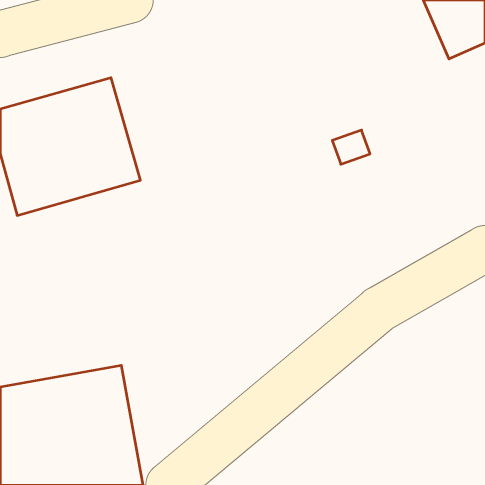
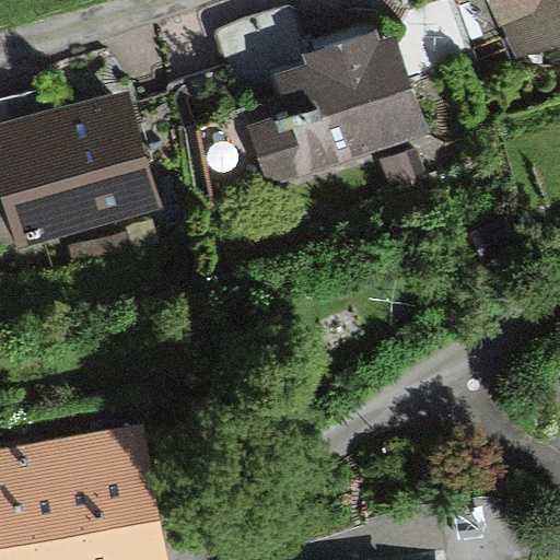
building: none -> [234,25,427,187]

